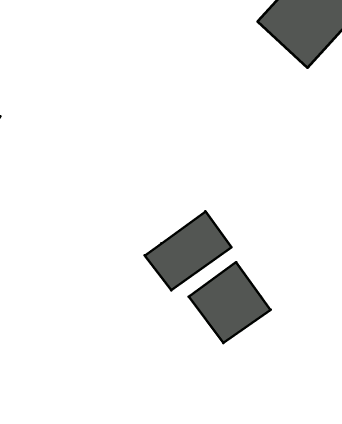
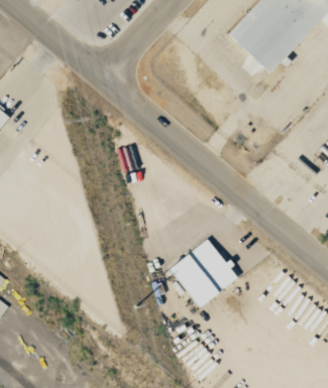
building: [145,211,231,290] -> none

